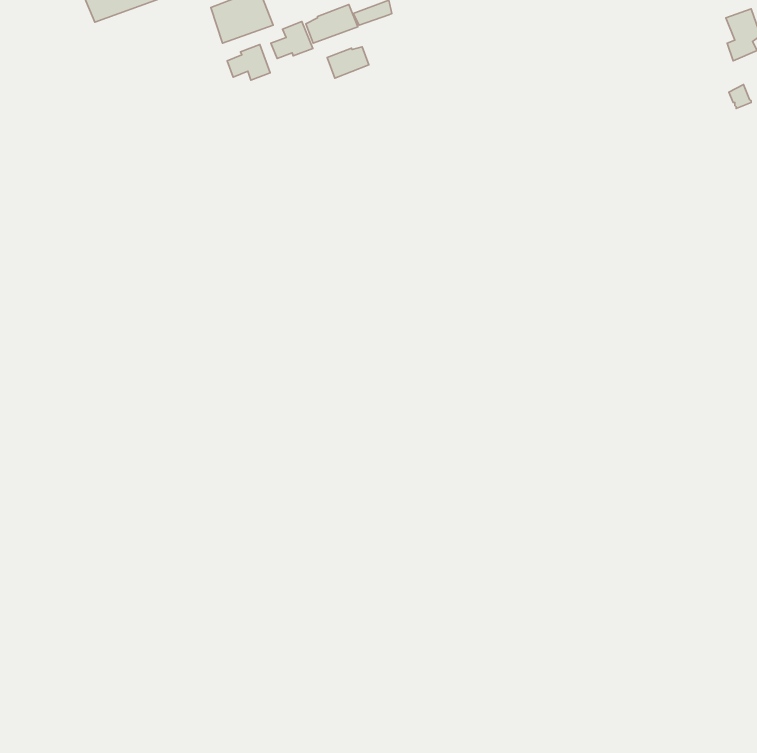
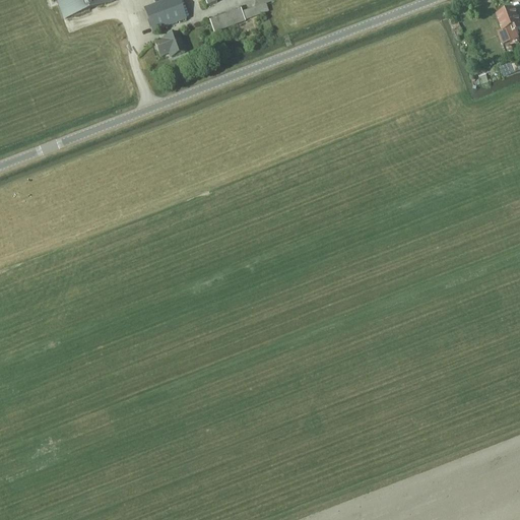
building: [271,22,313,59] -> none
building: [327,47,369,78] -> none

